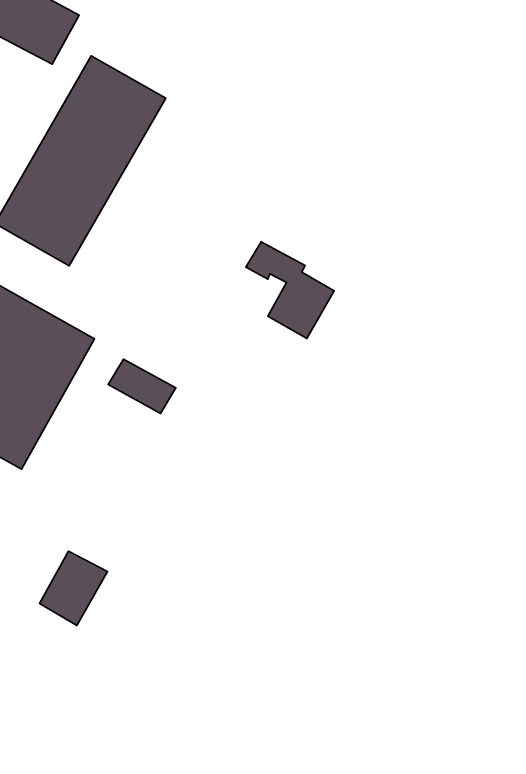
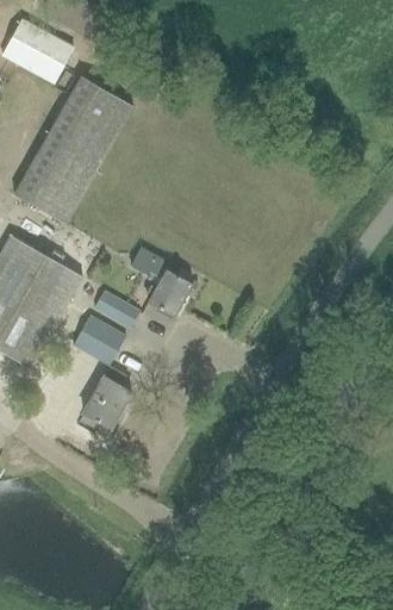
building: [246,242,334,338] -> [130,248,192,316]
building: none -> [70,315,124,366]
building: [40,551,107,626] -> [83,375,131,428]

